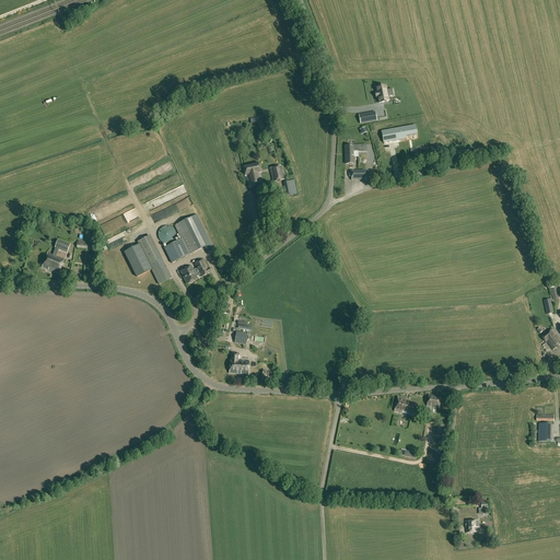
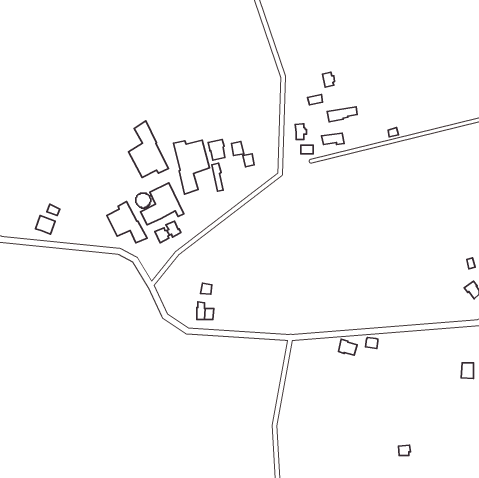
building: none -> [129,121,169,177]
building: none -> [174,140,210,194]

